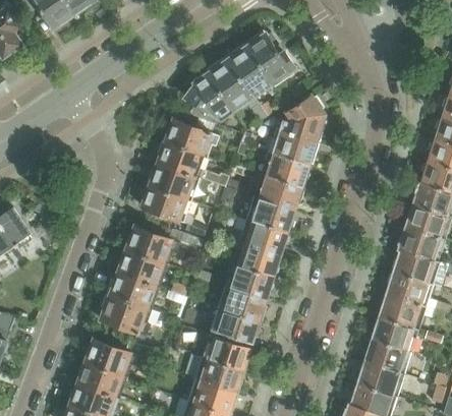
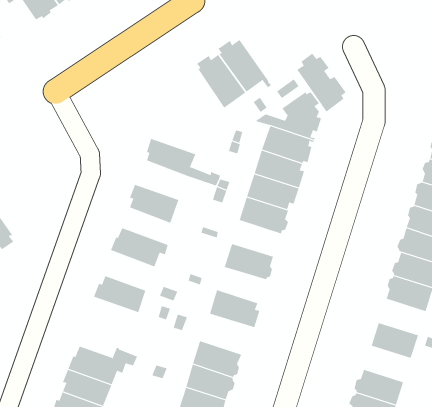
building: [247,29,295,86] -> [297,53,347,112]
building: [184,72,232,126] -> none
building: [162,119,219,156] -> none
building: [147,162,197,199] -> none
building: [239,219,289,253] -> none
building: [118,247,166,286] -> none
building: [225,263,274,298] -> none
building: [101,292,168,354] -> none
building: [378,294,426,329] -> none
building: [211,308,262,343] -> none
building: [365,339,411,373] -> none

